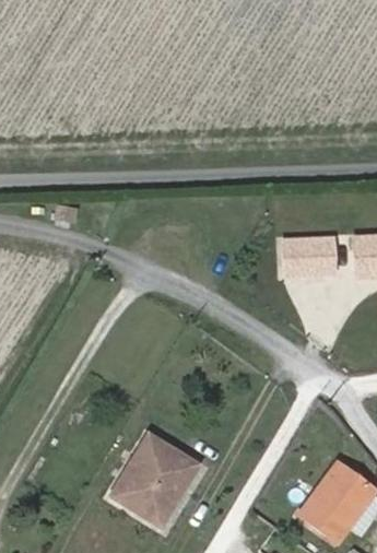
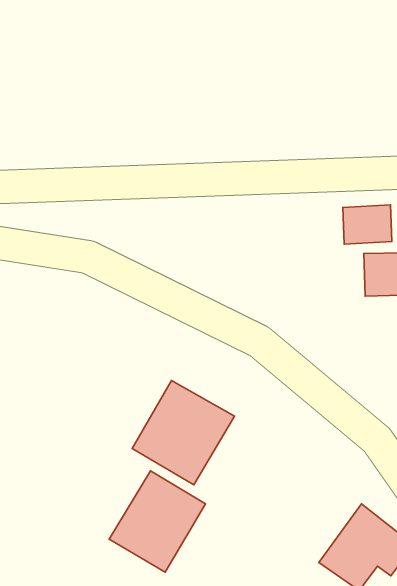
building: [278,237,321,272] -> [343,205,392,244]
building: none -> [132,381,234,485]

